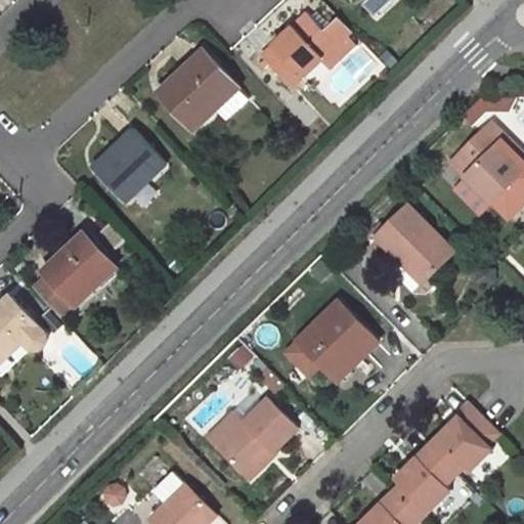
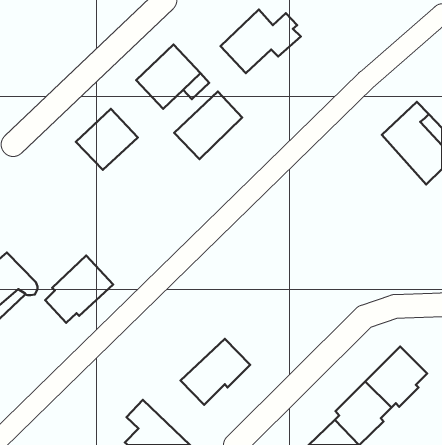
building: none -> [174,91,242,159]
building: [376,205,455,292] -> none
building: [33,232,113,311] -> [45,256,113,323]
building: [296,301,374,380] -> none

